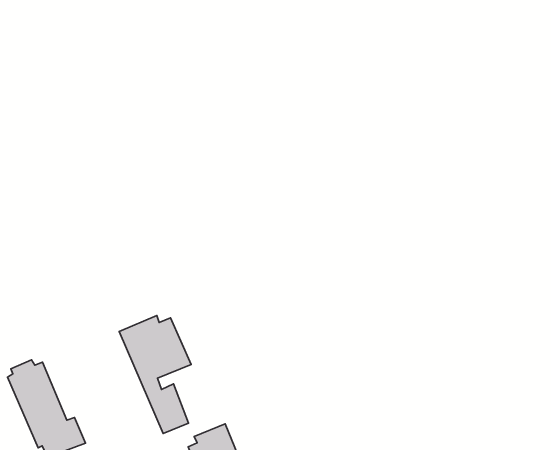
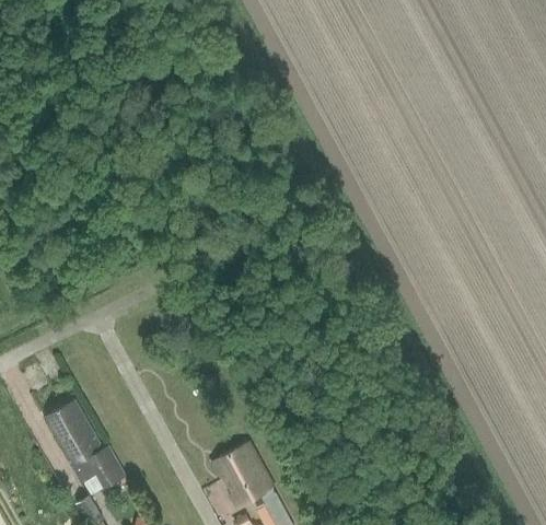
building: [119,316,191,434] -> none

